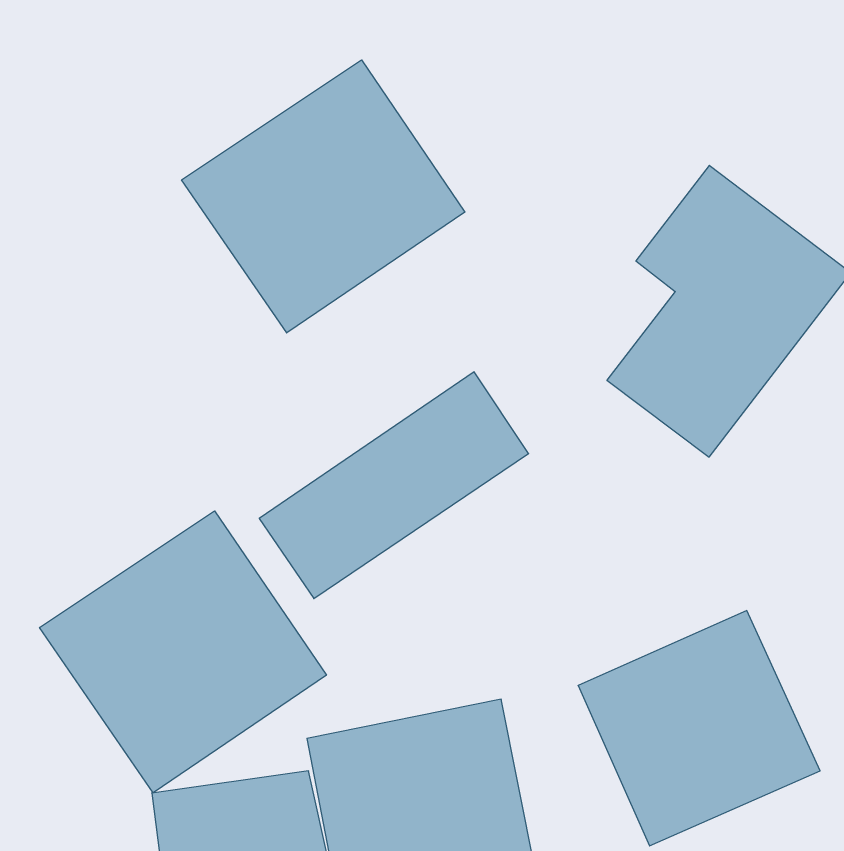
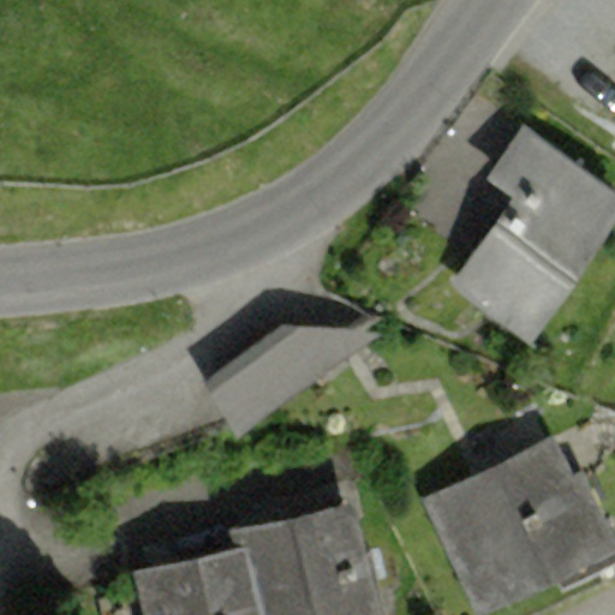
building: [182,60,465,333] -> none
building: [40,511,326,793] -> none

